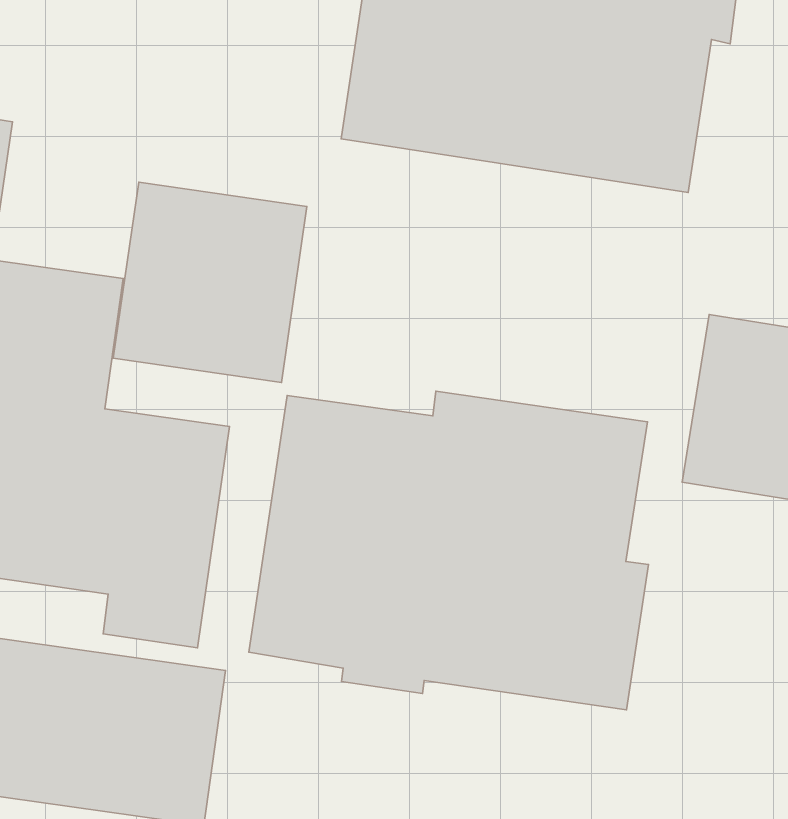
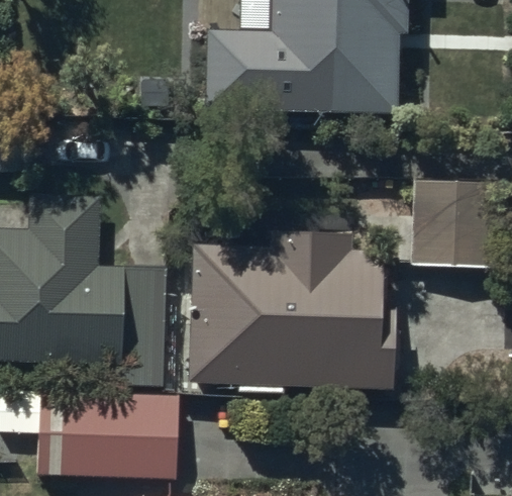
building: [113,182,307,382] -> none

